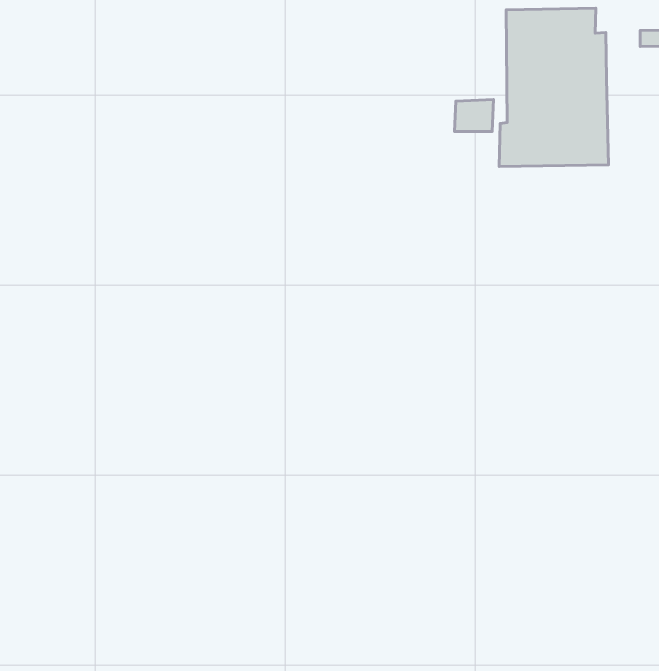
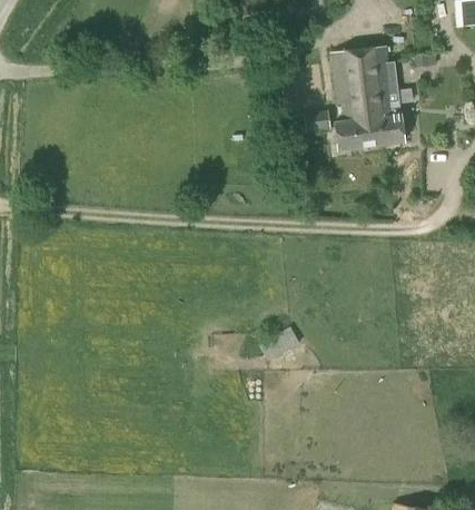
building: none -> [260,325,300,360]

